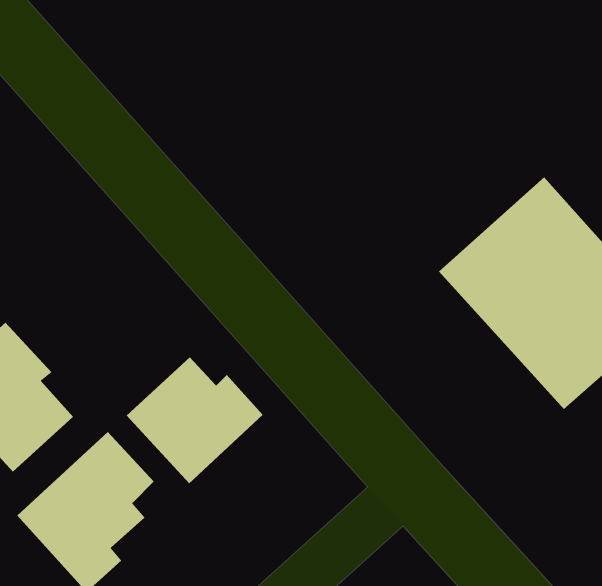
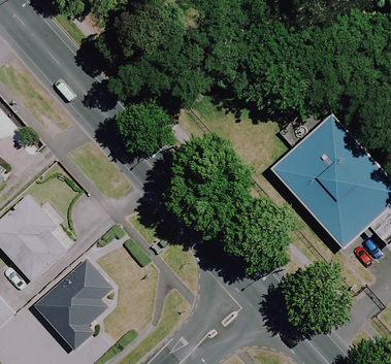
building: [126,357,263,484] -> none

